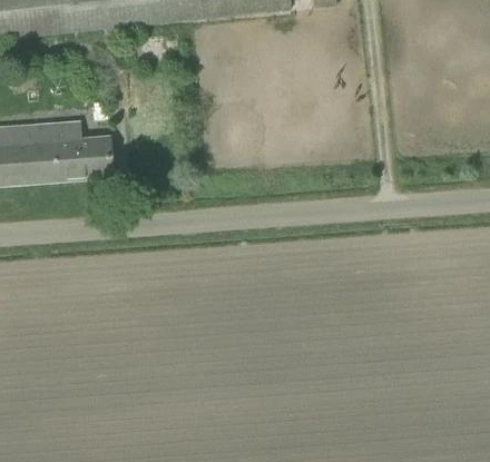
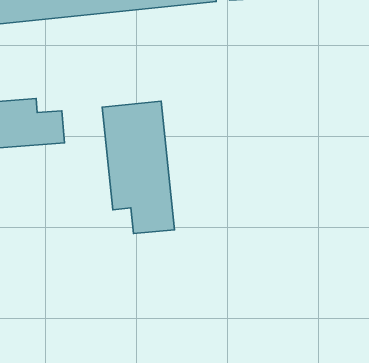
building: none -> [102,101,175,234]

